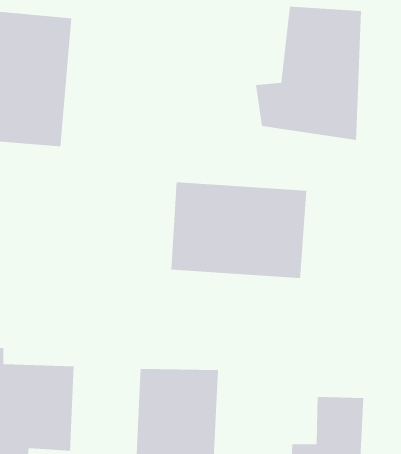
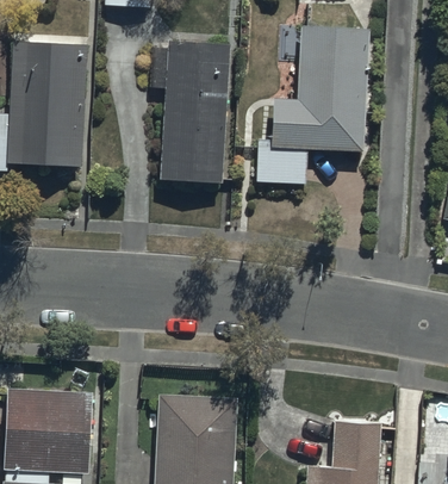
building: none -> [166,48,232,173]
building: [171,181,307,279] -> none

